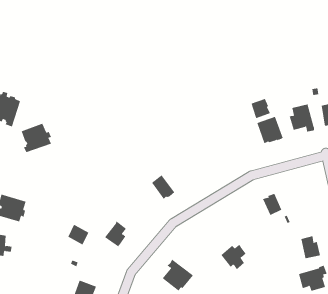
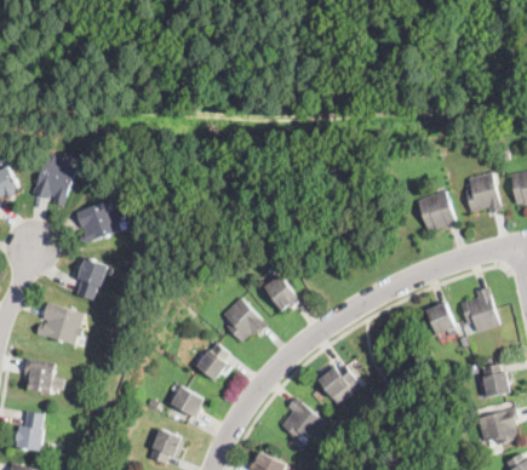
building: [251,98,271,119] -> none
building: none -> [73,256,107,299]
building: none -> [459,287,500,333]
building: none -> [223,297,268,343]
building: [68,224,89,245] -> [172,386,204,417]
building: [221,244,246,270] -> [317,365,355,402]

